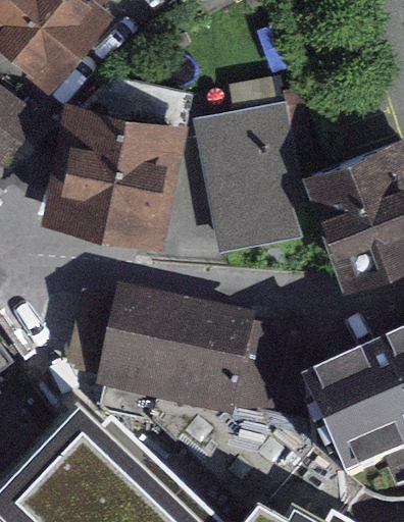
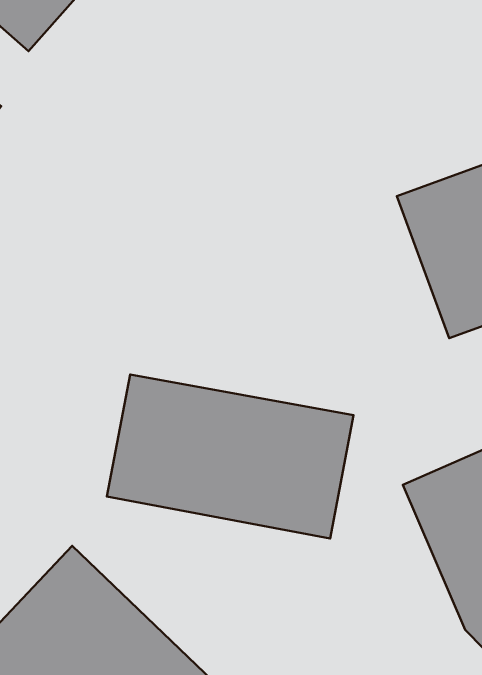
building: [196,107,295,244] -> none
building: [57,110,171,234] -> none

